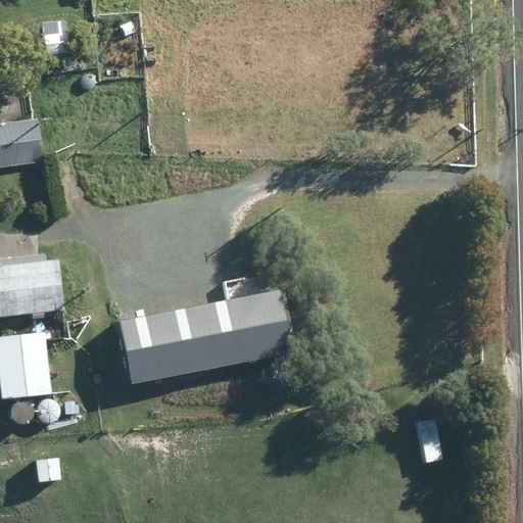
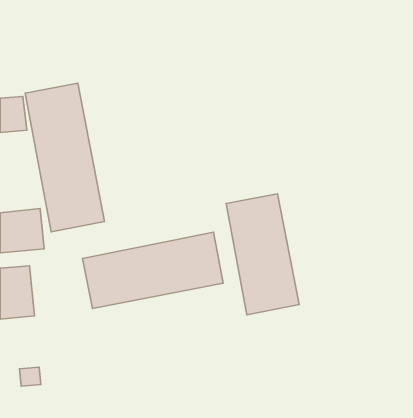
building: none -> [25,83,105,232]
building: none -> [226,194,299,315]

